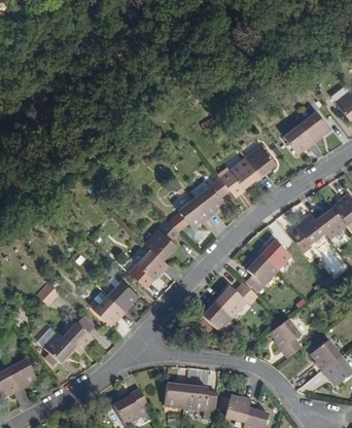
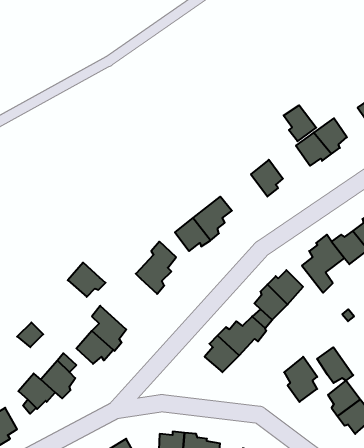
building: none -> [284,105,316,141]
building: [217,157,258,197] -> none
building: [135,248,168,278] -> [68,263,106,297]
building: none -> [317,347,353,383]

